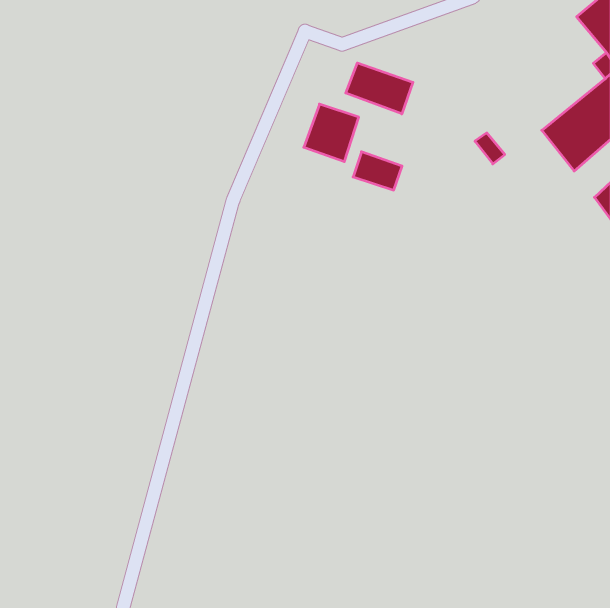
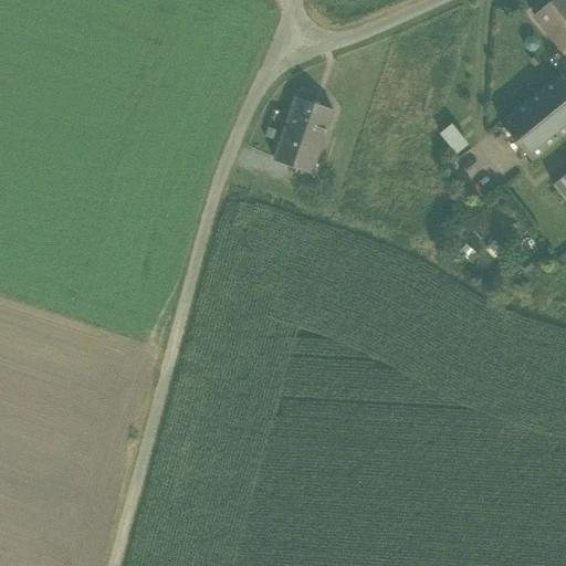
building: [346,63,413,114] -> none
building: [353,152,402,190] -> [274,136,319,171]

